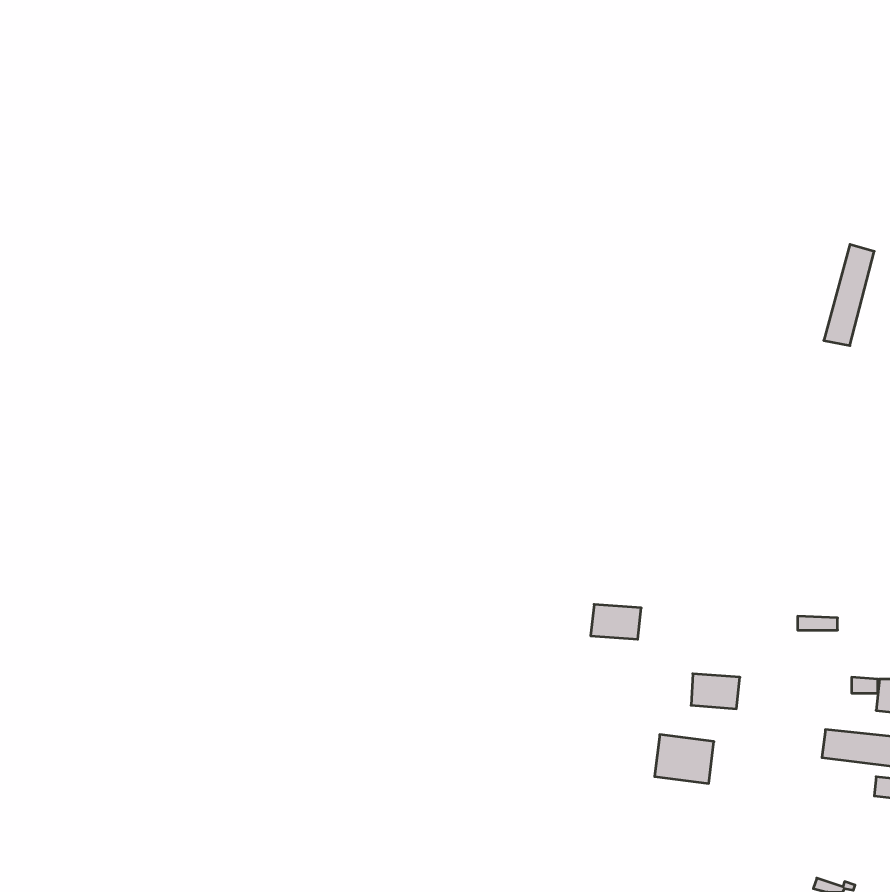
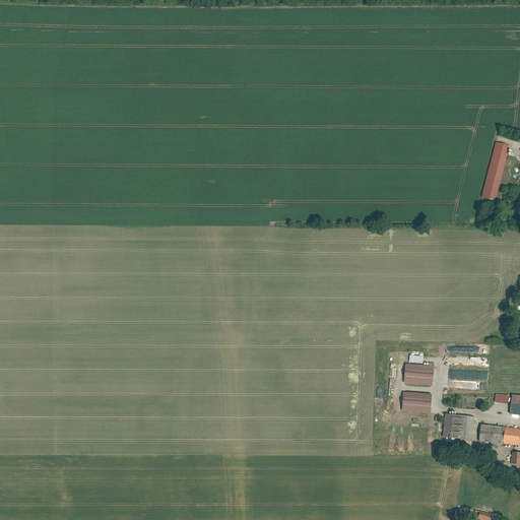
building: [591,604,641,639] -> [404,364,434,384]
building: [655,735,714,783] -> [442,413,476,442]

